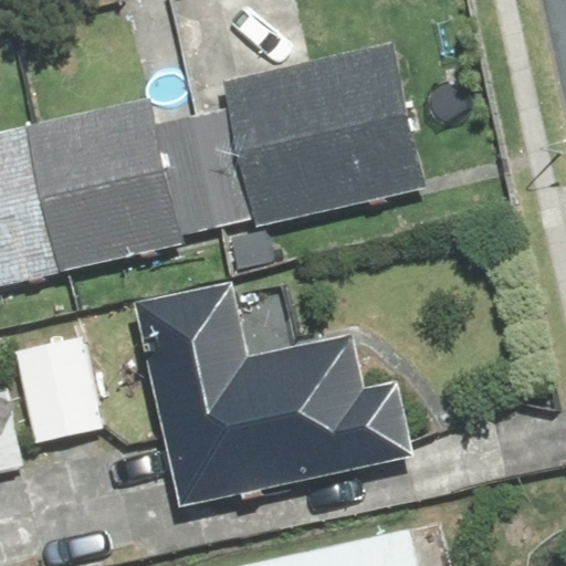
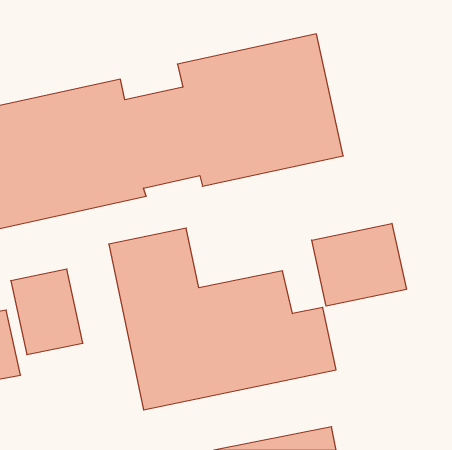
building: none -> [312,223,406,306]

